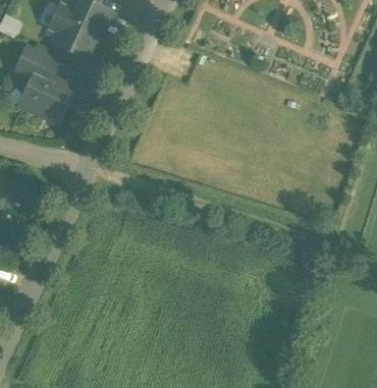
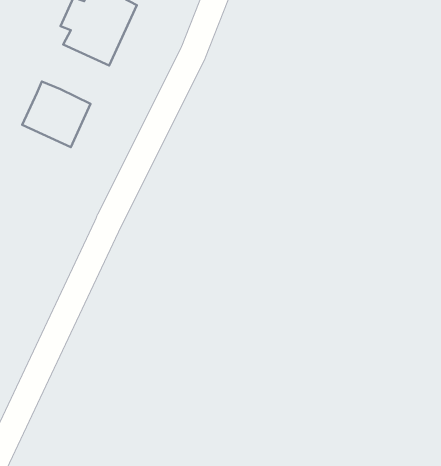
building: [12,43,56,79] -> none

